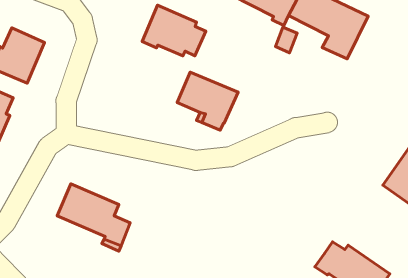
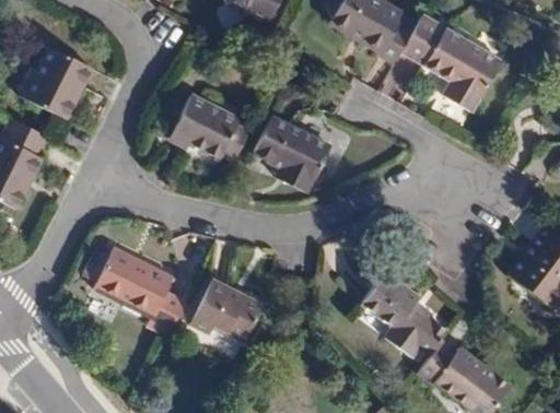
building: [142,5,206,56] -> [170,94,250,161]
building: none -> [361,271,446,355]
building: none -> [190,279,262,341]

